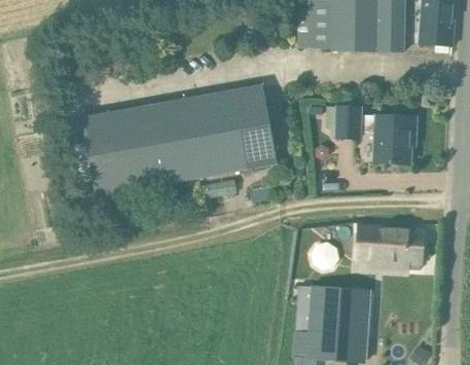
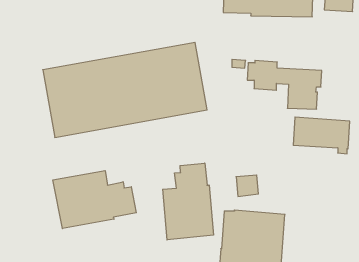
building: [355,225,423,269] -> [293,117,350,154]
building: none -> [163,163,213,240]
building: none -> [53,171,136,229]

